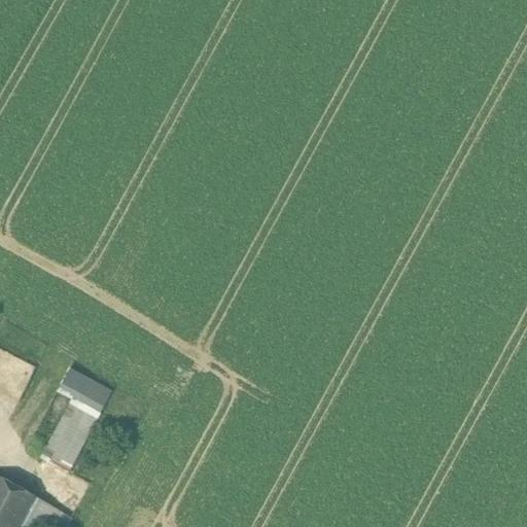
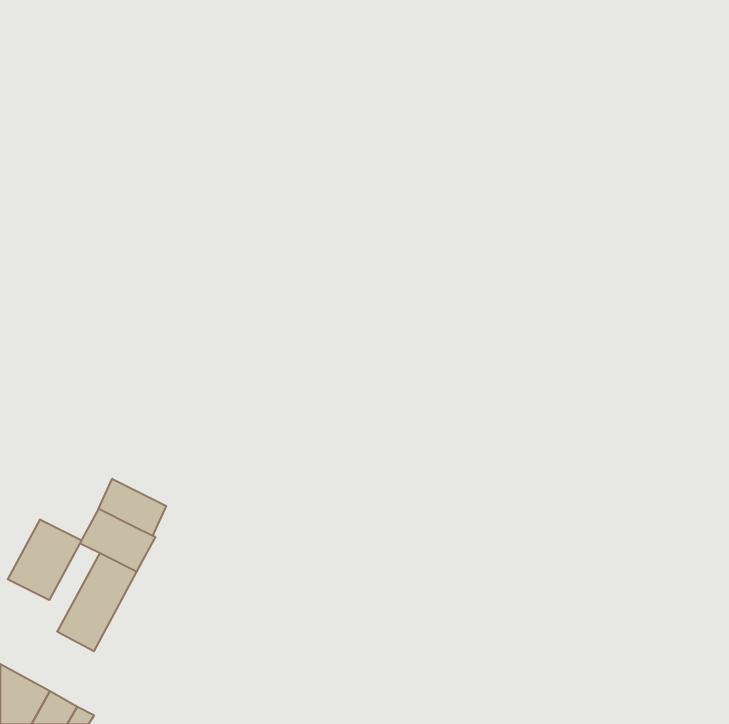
building: none -> [99,479,166,536]
building: none -> [8,519,81,600]

